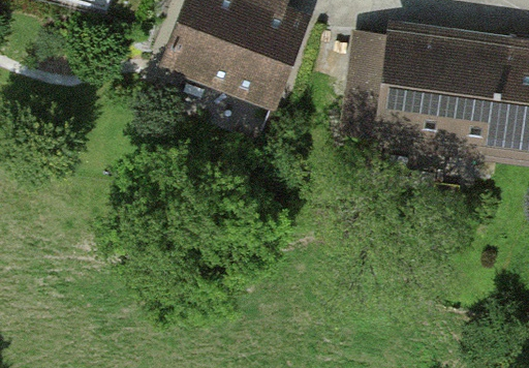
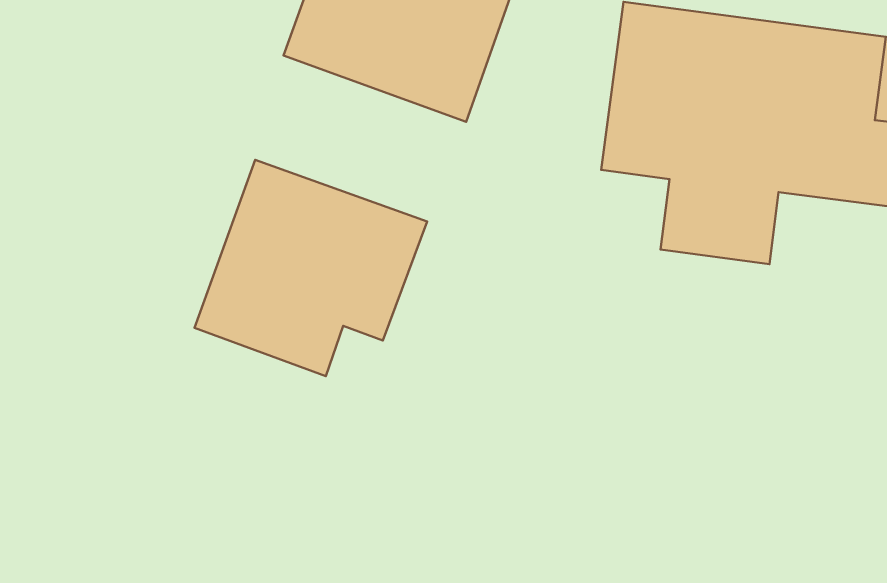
building: none -> [194,160,427,376]

